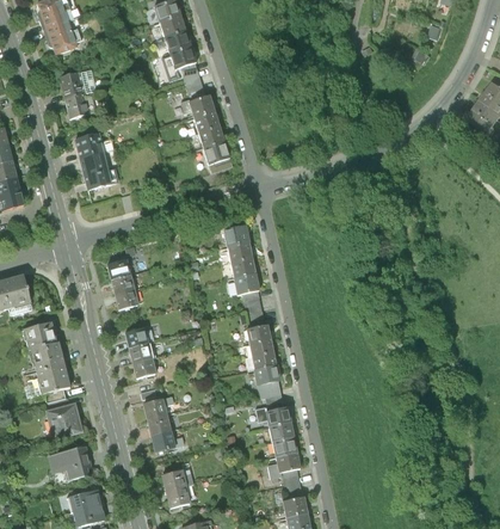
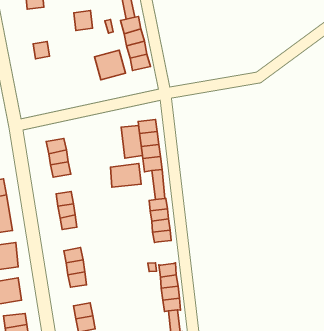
building: [63,91,89,118] -> [74,11,92,30]
building: none -> [94,50,126,80]
building: [80,154,106,189] -> none
building: none -> [121,126,142,158]
building: none -> [110,164,141,187]
building: [261,379,284,412] -> none

